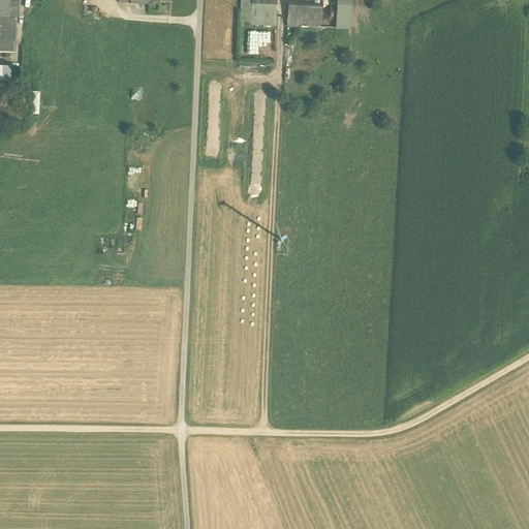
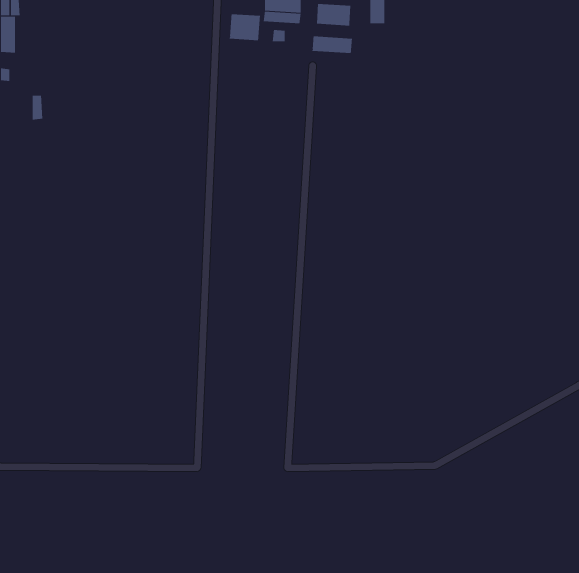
building: none -> [229,13,260,41]
building: none -> [312,35,353,54]

